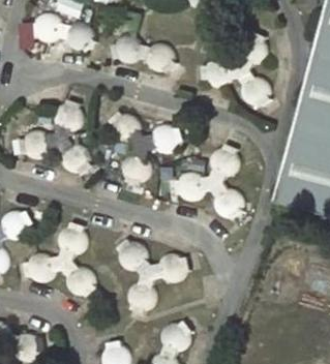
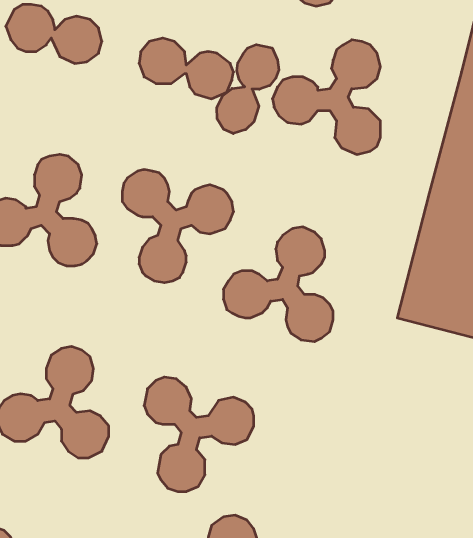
building: none -> [217,45,279,134]

